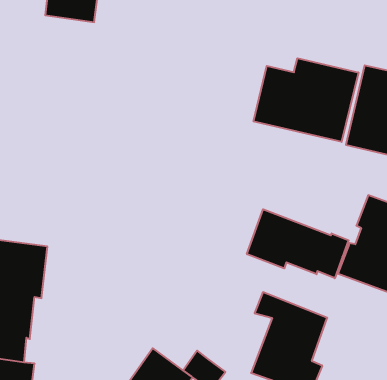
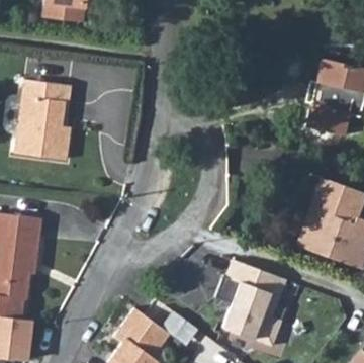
building: [254,58,358,142] -> none
building: none -> [17,81,71,159]
building: [247,209,349,278] -> none

